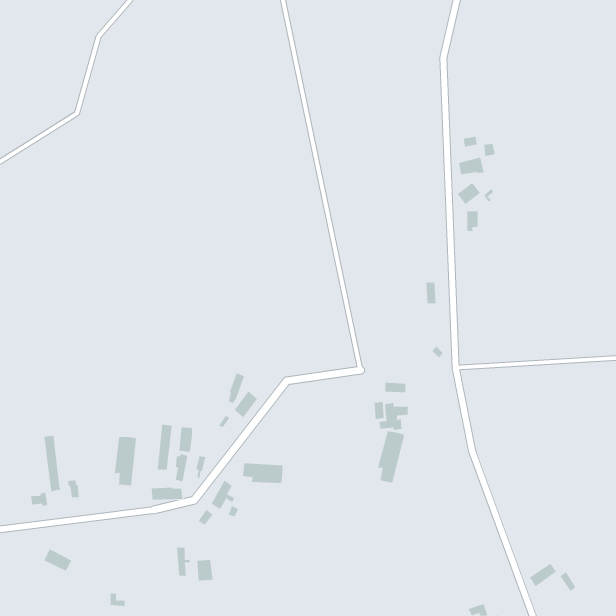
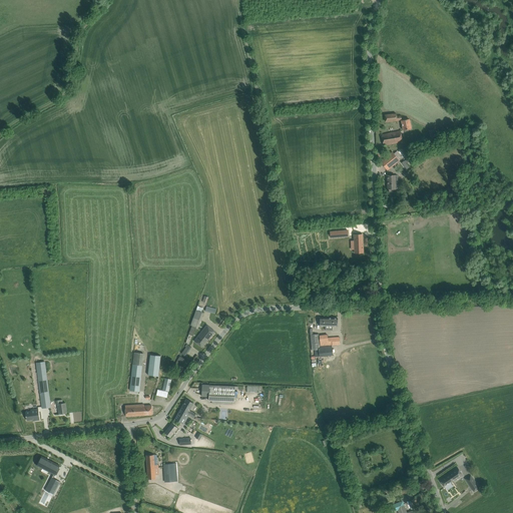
building: [377,430,405,483] -> none
building: [114,436,136,486] -> none

